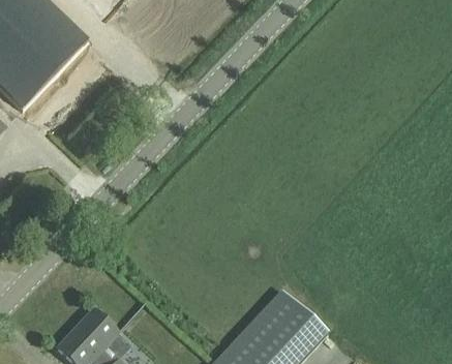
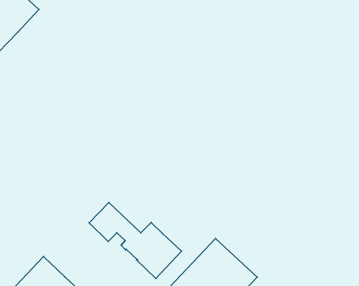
building: none -> [89,203,181,278]

